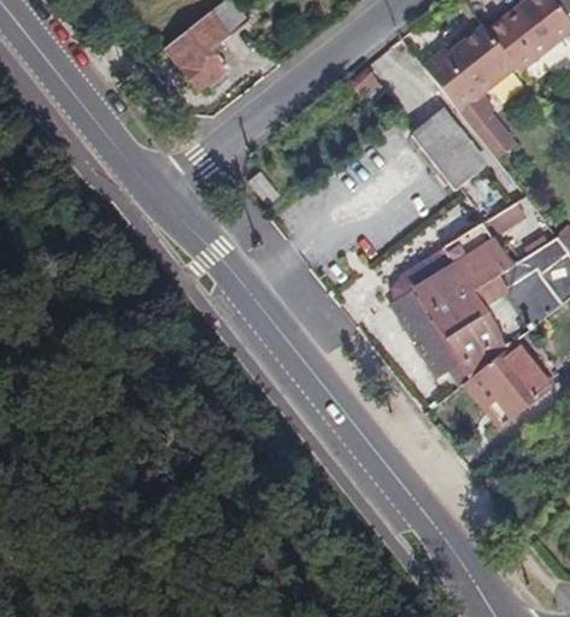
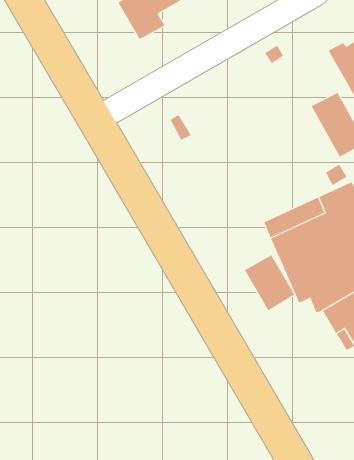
building: none -> [244,255,295,311]

